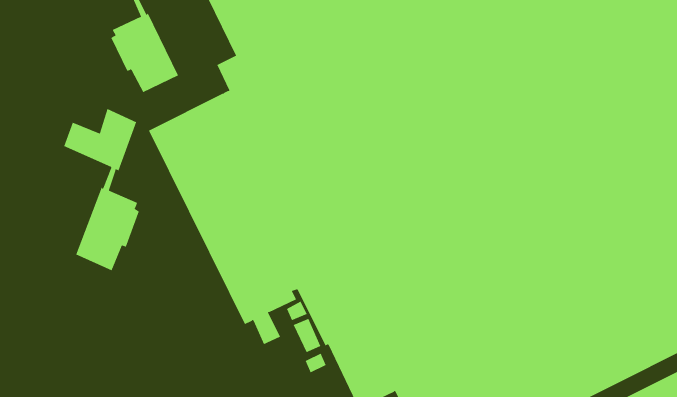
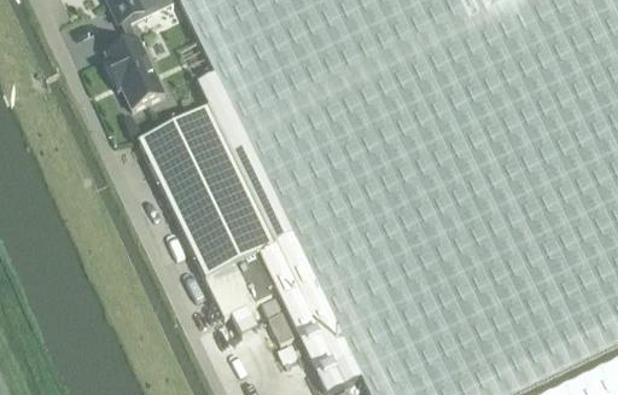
building: [64,108,140,271] -> none

